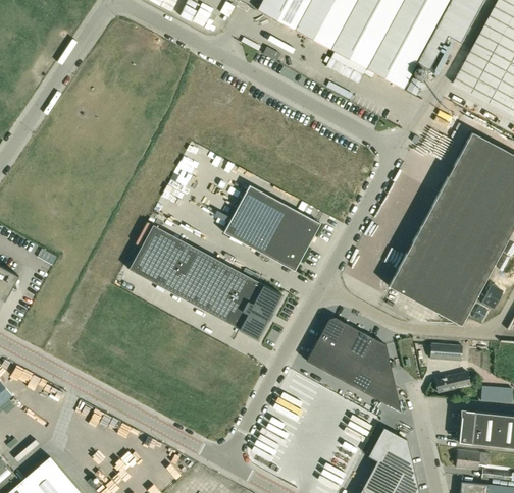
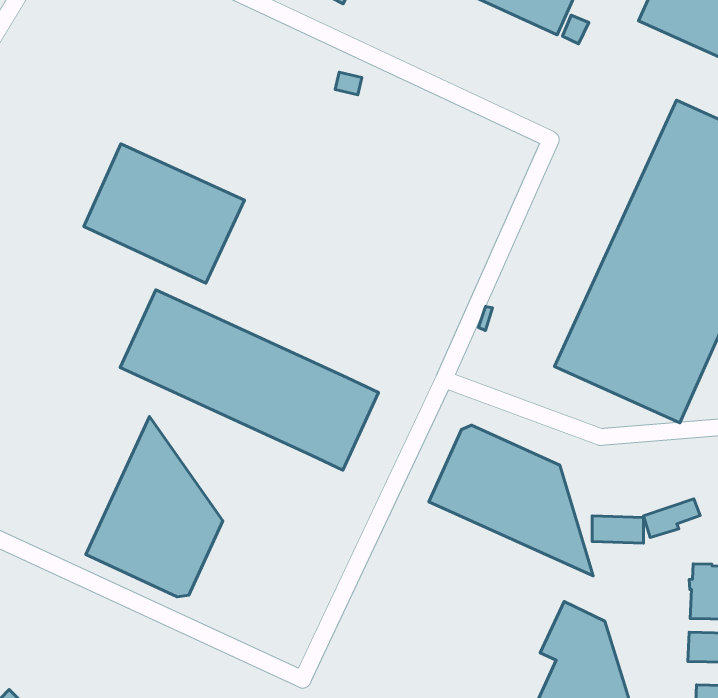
building: [223,184,320,271] -> [84,144,244,283]
building: none -> [86,417,223,597]
building: [430,342,462,361] -> [592,516,644,543]

